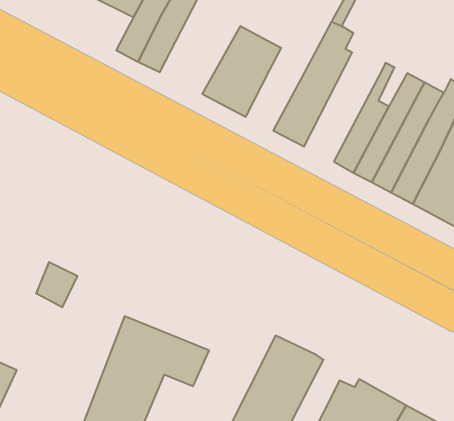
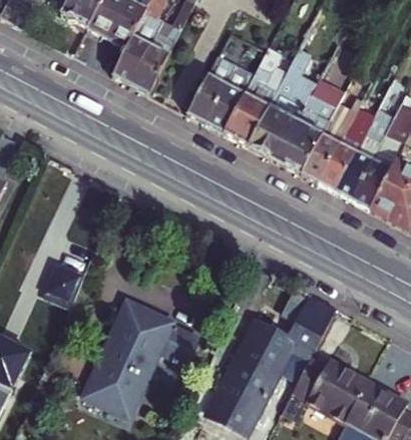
building: none -> [227,41,288,143]
building: none -> [278,75,346,170]
building: none -> [289,295,336,353]

